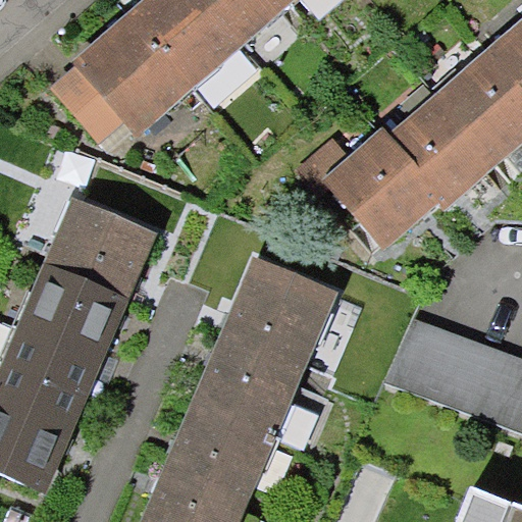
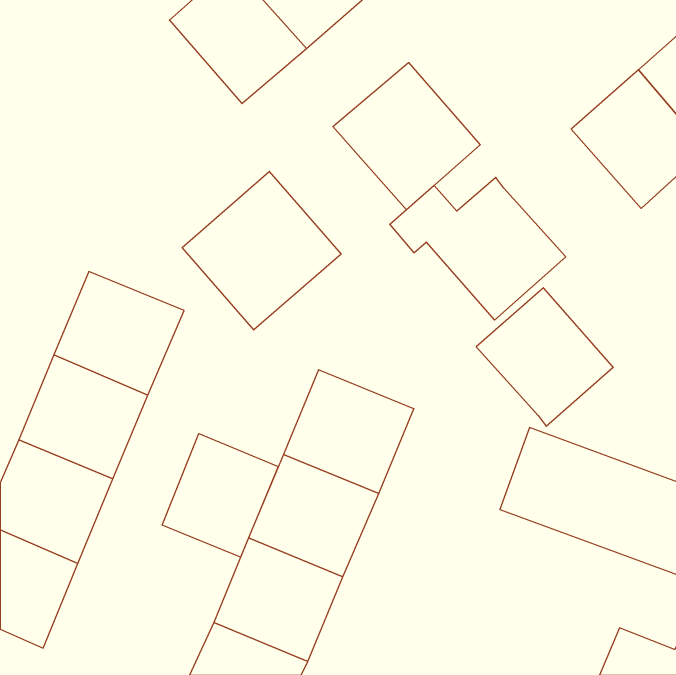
building: [55,15,192,136] -> none
building: none -> [333,63,480,210]
building: [390,98,494,203] -> [476,288,613,426]
building: none -> [182,171,341,330]
building: none -> [162,434,278,557]

